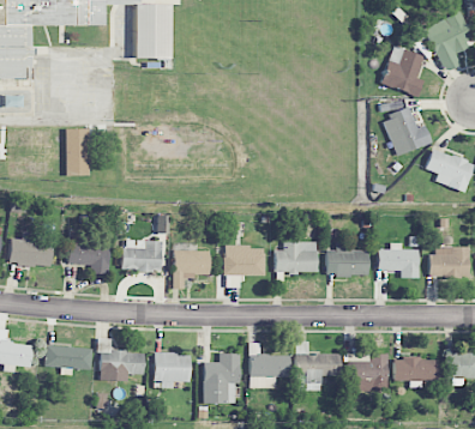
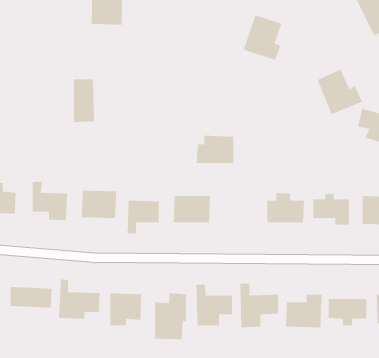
building: [381,46,425,96] -> [243,15,282,61]
building: [66,128,90,176] -> [73,79,95,123]
building: [276,241,318,272] -> [196,135,234,164]

